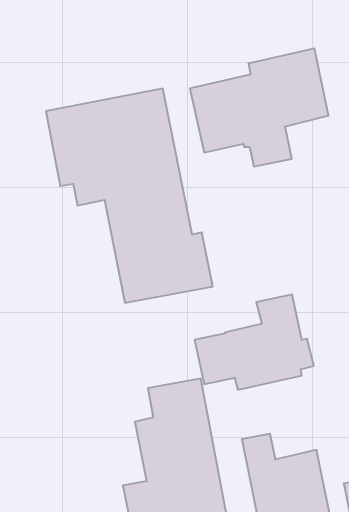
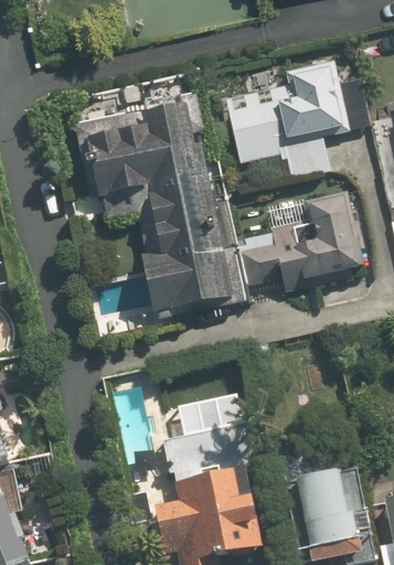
building: [195,294,314,390] -> [242,193,363,290]

